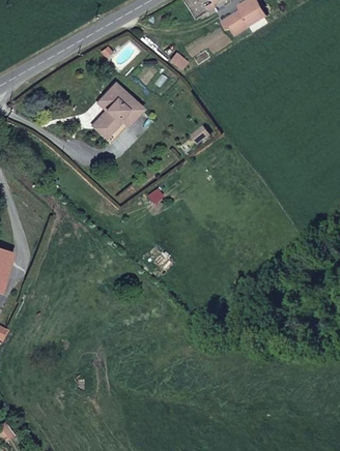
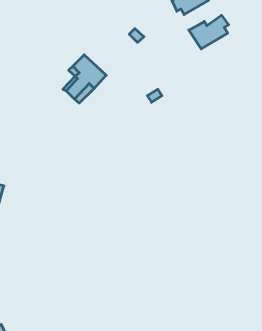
building: none -> [189,15,229,49]

